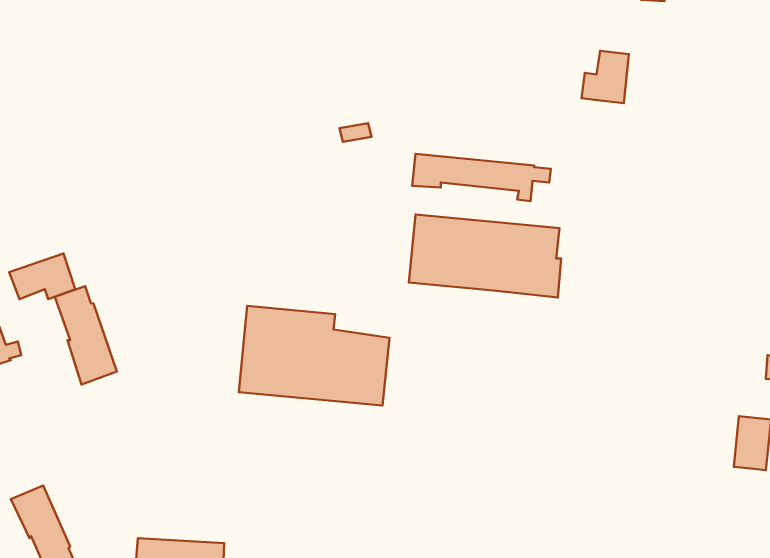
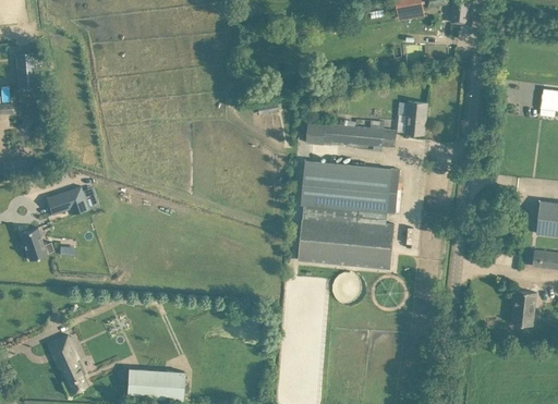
building: [581,51,629,103] -> [397,101,427,135]
building: [55,286,117,385] -> none
building: [239,306,389,406] -> [298,205,395,269]

